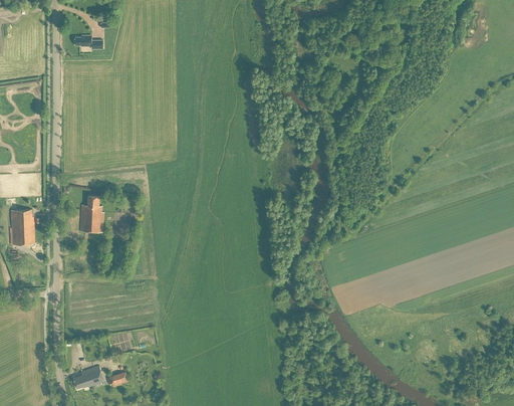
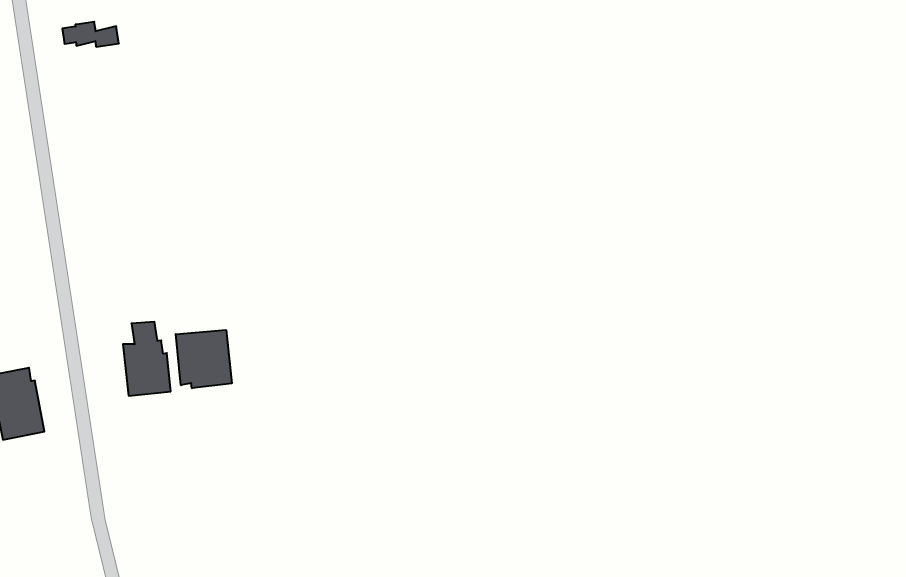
building: none -> [176,330,232,388]

